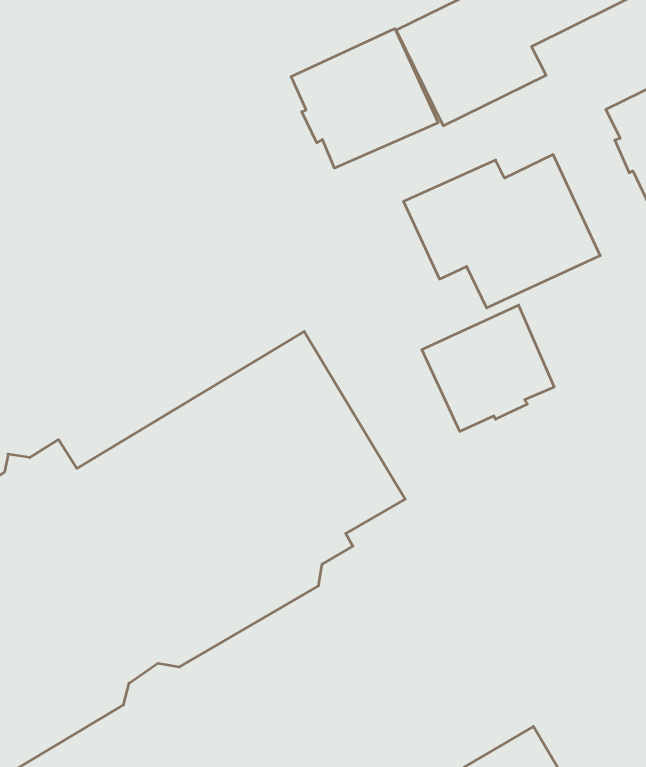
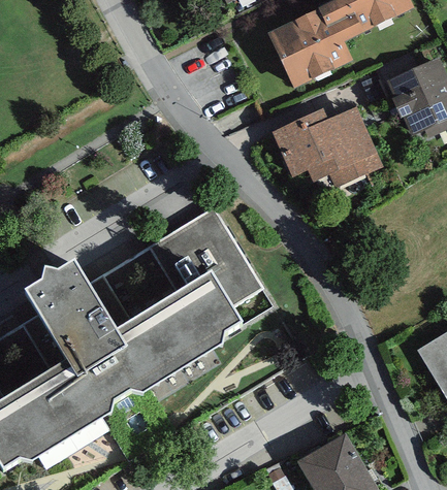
building: [291,29,438,168] -> none
building: [422,305,554,431] -> none

